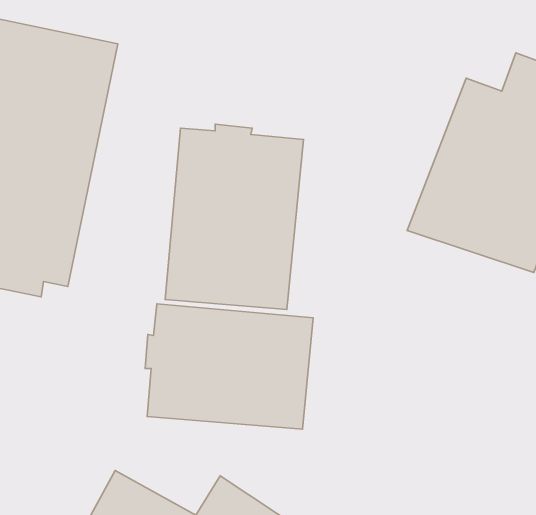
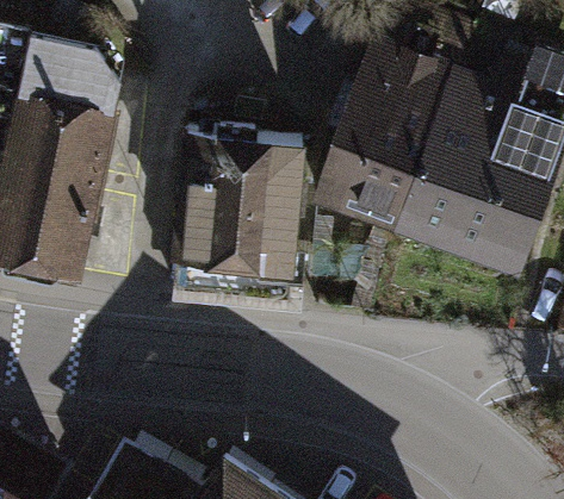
building: none -> [320,42,460,226]
building: [145,304,313,429] -> none

